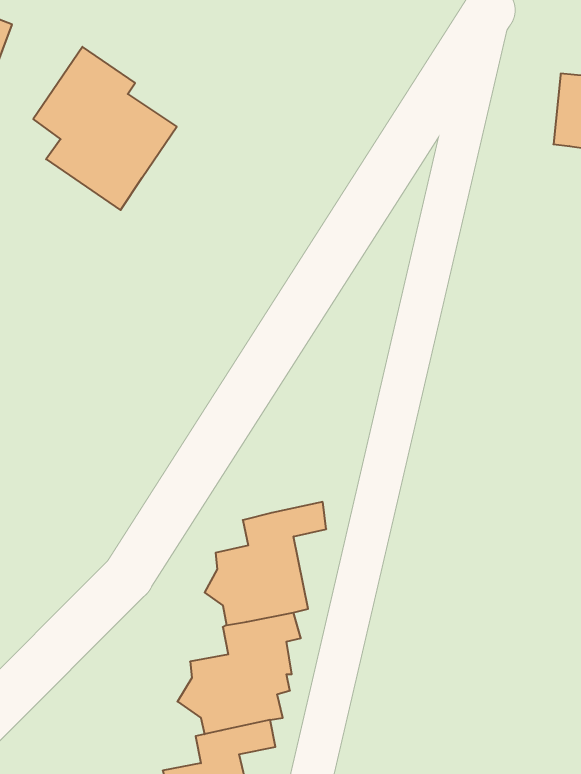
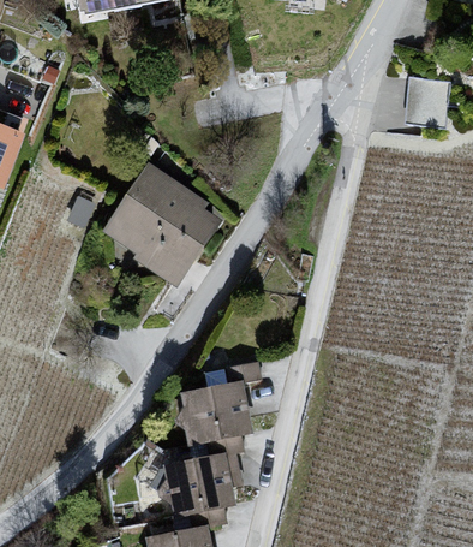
building: [33,47,177,210] -> [118,171,212,279]

